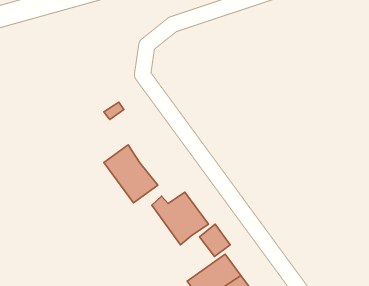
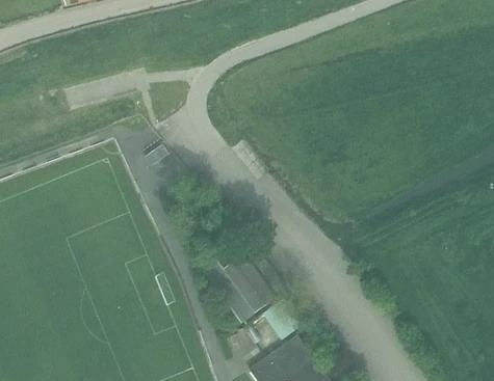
building: [104,145,158,203] -> none

